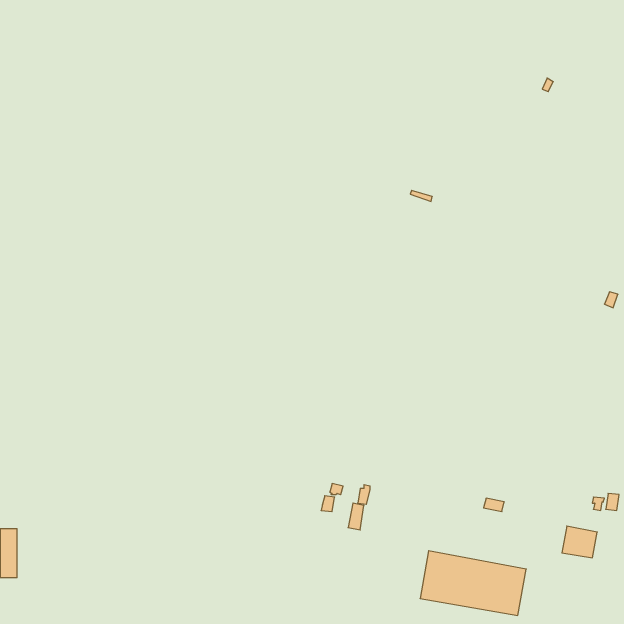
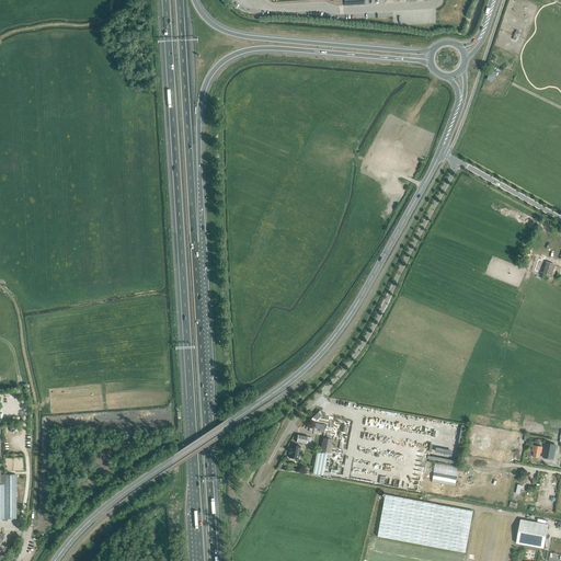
building: [562,526,597,558] -> [516,519,548,548]

